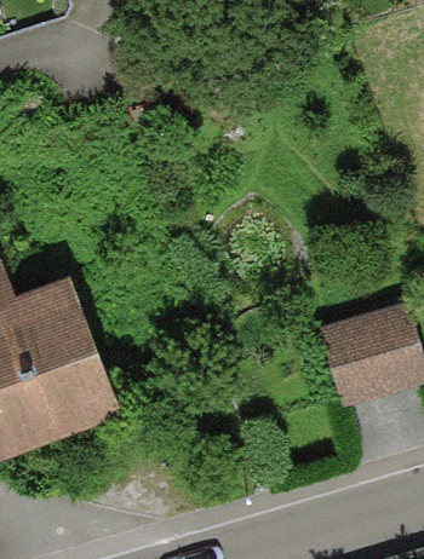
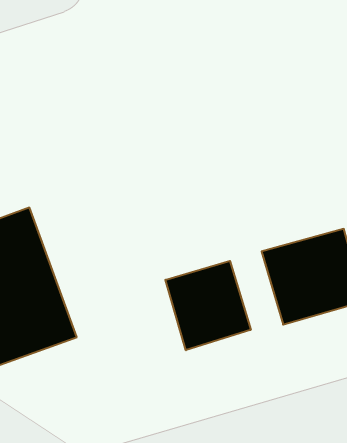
building: none -> [165,261,251,350]

